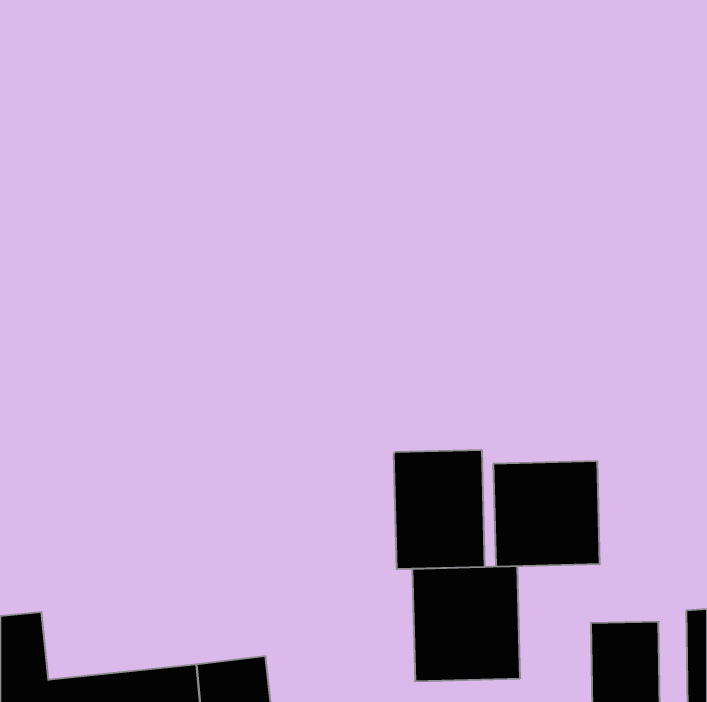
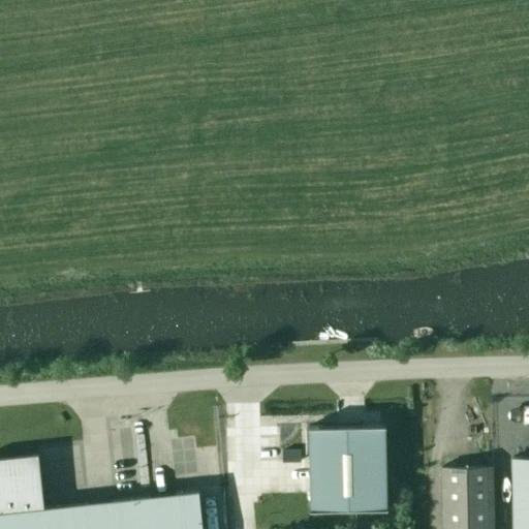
building: [394,450,485,569] -> none
building: [494,461,600,567] -> none

